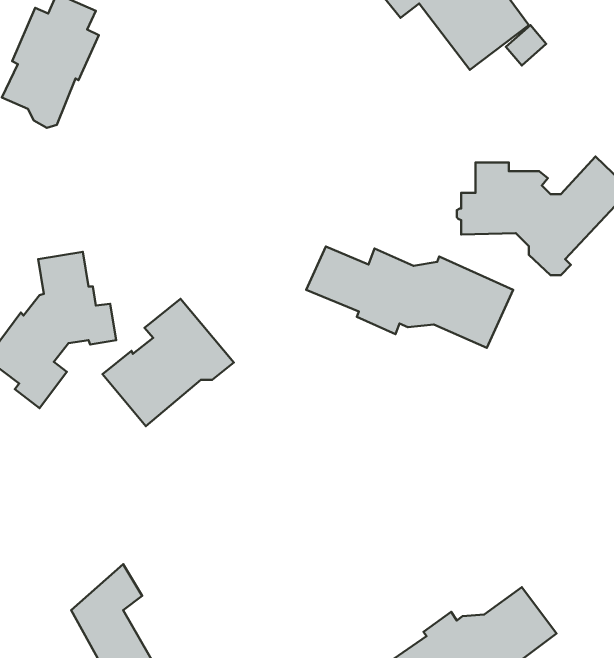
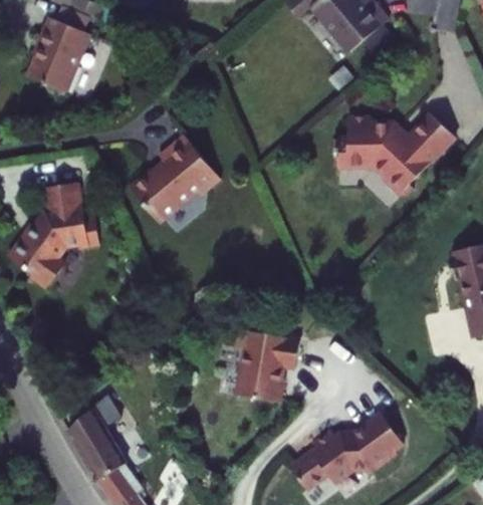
building: [306,246,513,348] -> none
building: [103,299,234,426] -> [130,134,221,222]
building: none -> [237,329,301,403]

